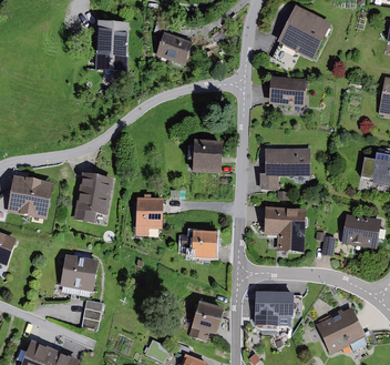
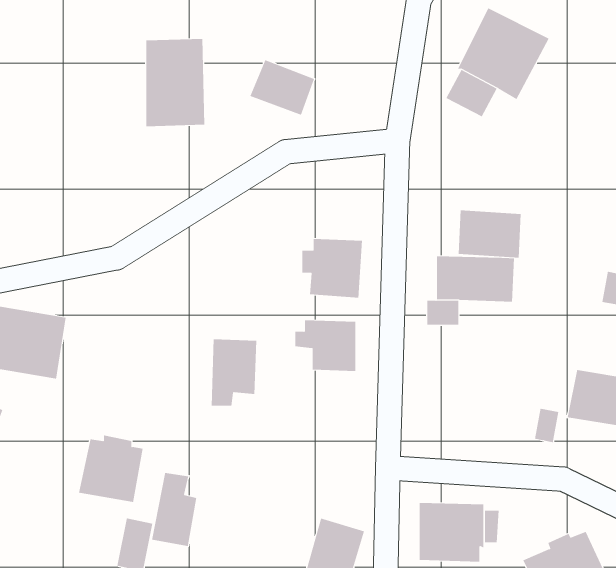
building: [268,77,305,104] -> [458,210,521,258]
building: [73,172,112,222] -> none
building: [264,206,305,251] -> none
building: [181,230,216,260] -> [295,320,356,372]
building: none -> [152,472,197,547]

